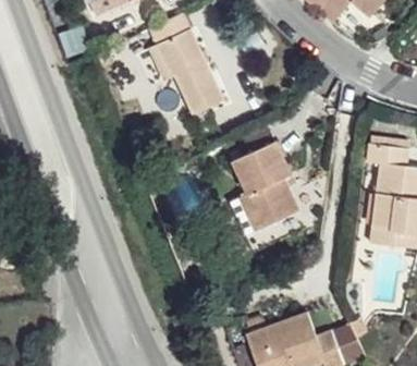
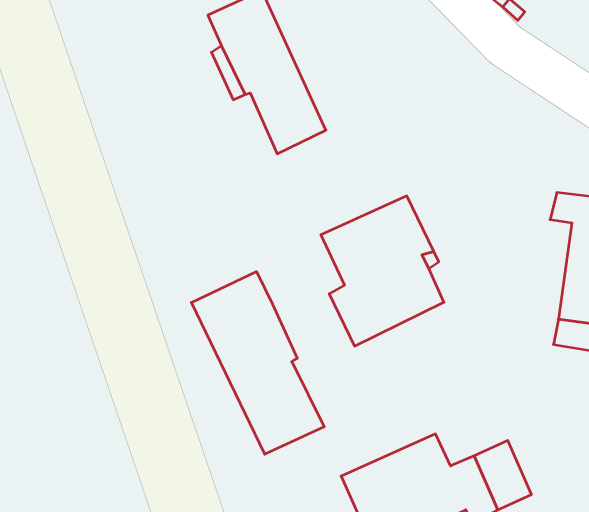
building: none -> [191,272,324,454]

